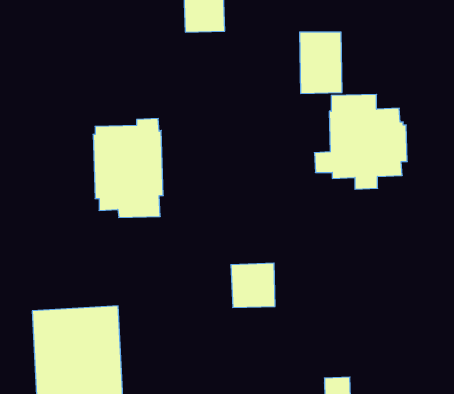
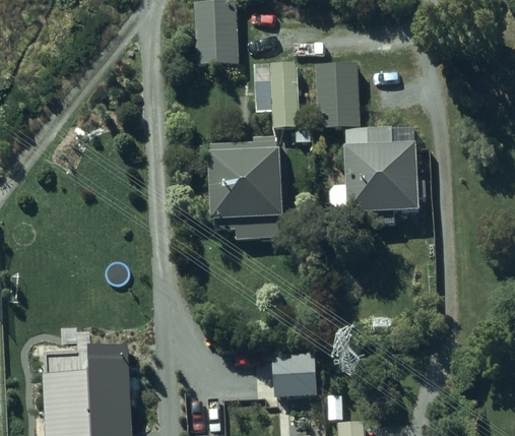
building: none -> [255,62,298,129]
building: [93,119,163,217] -> [209,136,281,238]
building: [231,263,275,307] -> [271,354,317,399]

